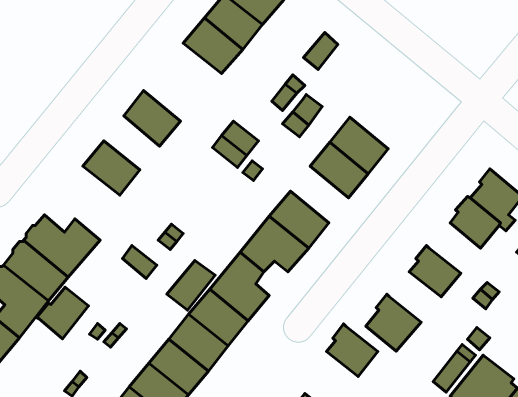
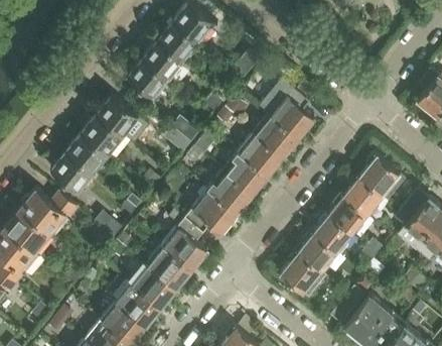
building: none -> [127,59,170,100]
building: none -> [268,87,313,139]
building: none -> [81,114,123,155]
building: none -> [50,152,93,193]
building: none -> [223,152,267,196]
building: none -> [328,194,367,234]
building: [167,260,215,310] -> none
building: [37,287,89,339] -> none
building: [326,324,378,377] -> [298,231,337,271]

